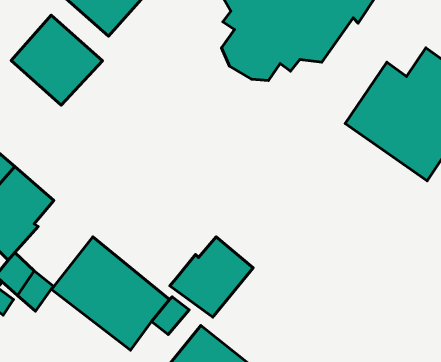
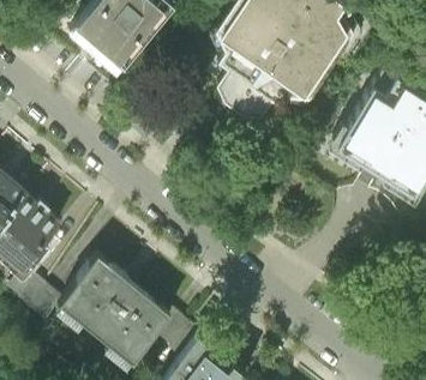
building: [11,15,102,105] -> none
building: [170,237,253,317] -> none

